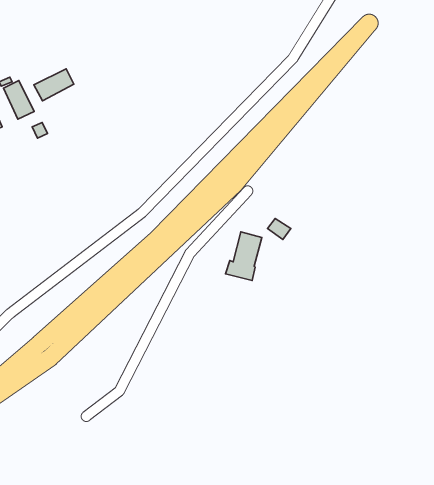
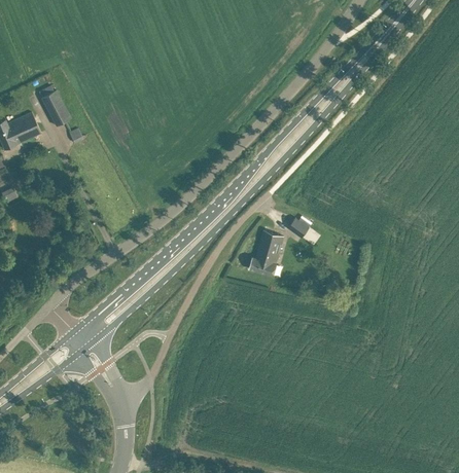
building: [34,69,74,101] -> none

